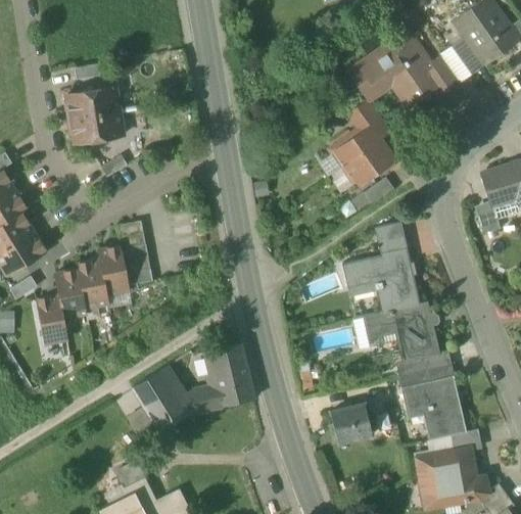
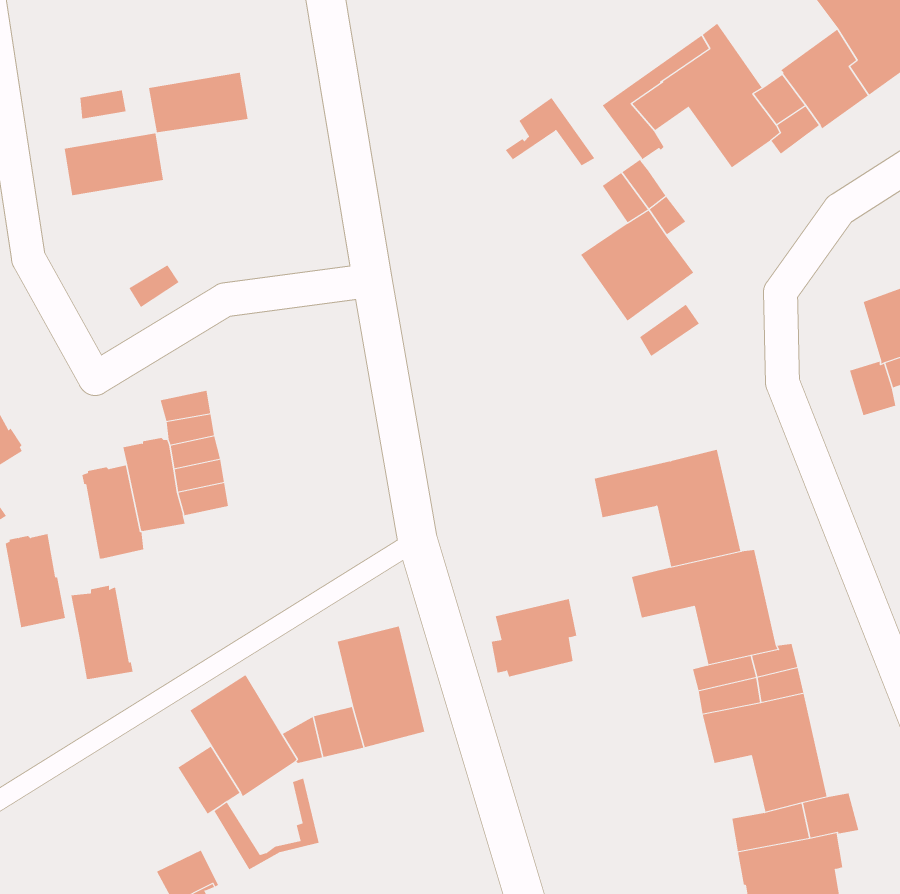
building: [367,74,414,109] -> [505,97,595,166]
building: [70,111,123,143] -> [148,72,248,133]
building: [376,224,407,258] -> none
building: [54,269,87,318] -> [71,585,133,680]
building: [161,352,217,400] -> [213,778,320,870]
building: [329,403,374,443] -> [491,598,577,677]

